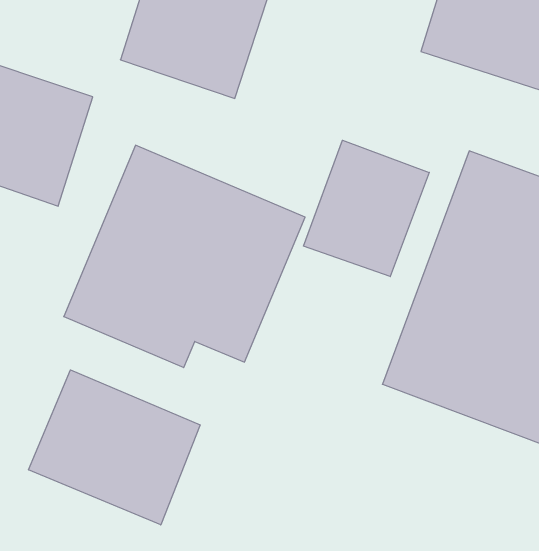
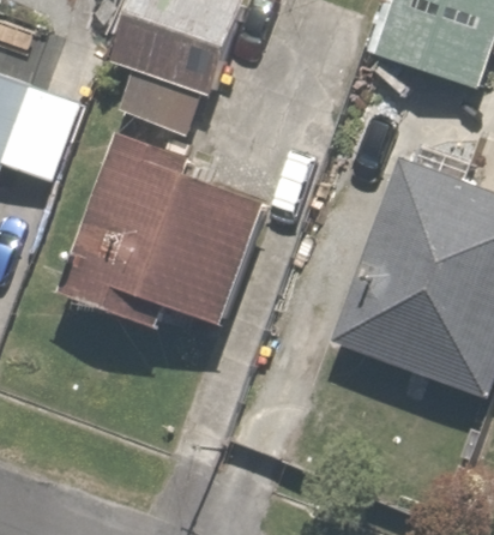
building: [304,140,429,277] -> none
building: [29,370,200,525] -> none

